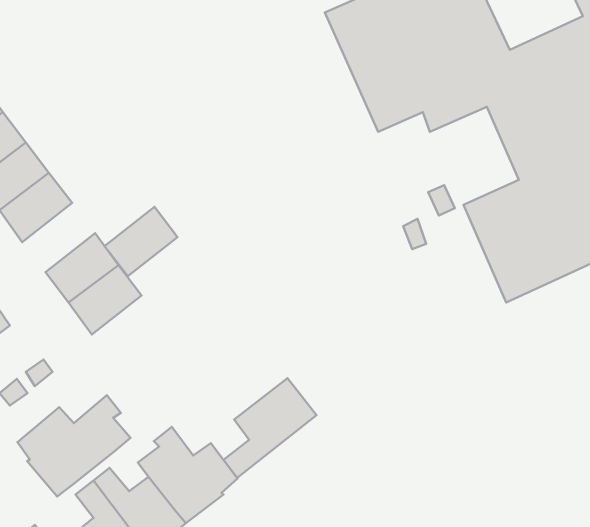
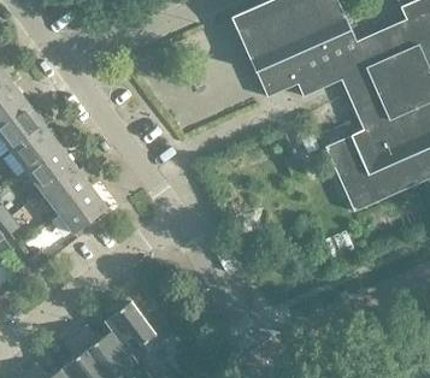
building: [105,207,178,276] -> [26,146,76,193]
building: [224,378,317,478] -> none
building: [18,395,130,497] -> none

